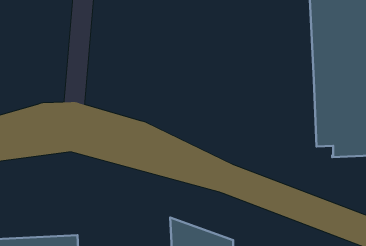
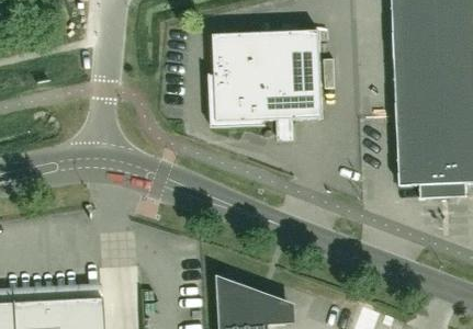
building: none -> [210,31,323,139]

